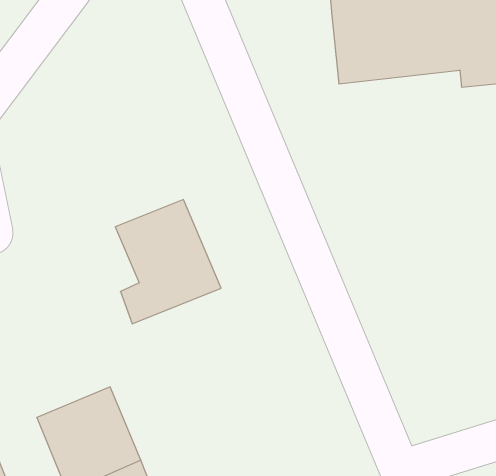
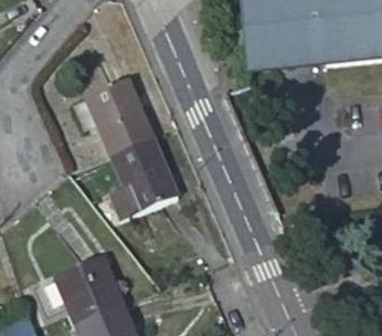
building: none -> [82,77,150,155]

